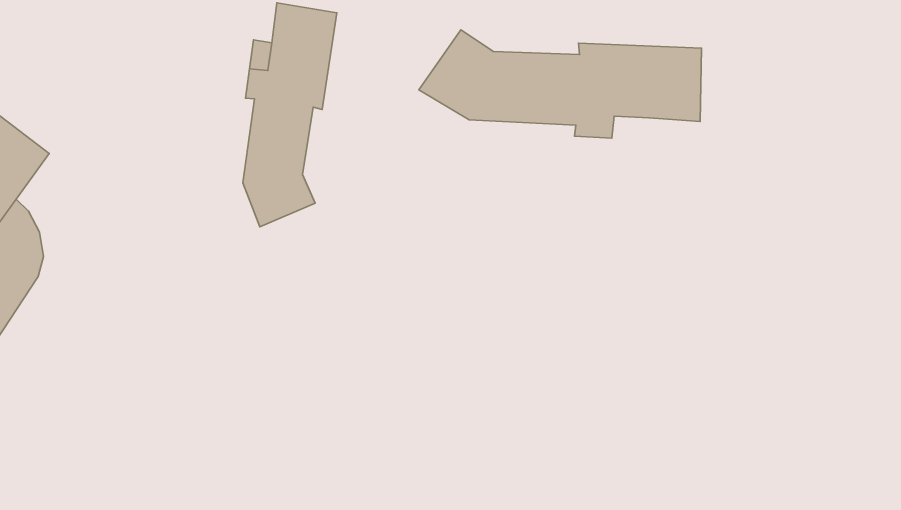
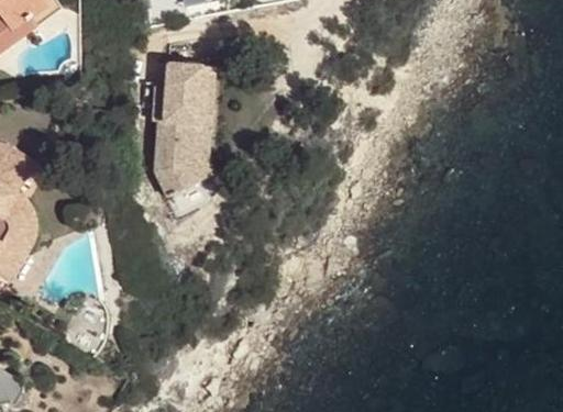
building: none -> [188,66,212,180]
building: [419,30,702,138] -> none

